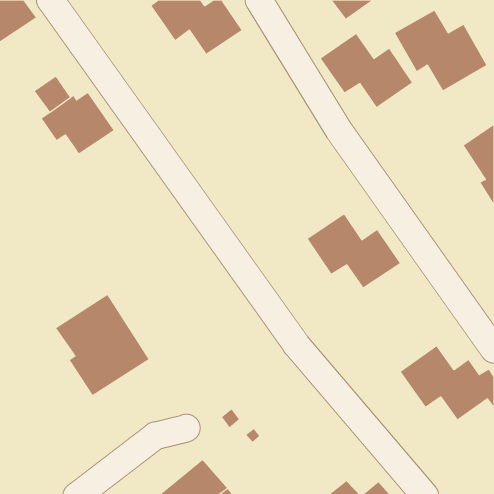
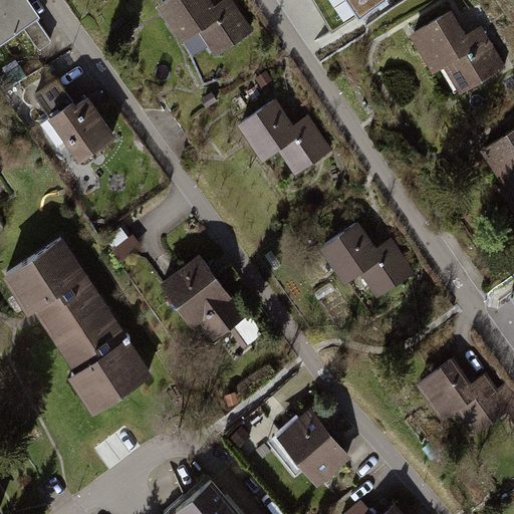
building: [320,33,413,108] -> [235,100,331,178]
building: none -> [5,235,111,341]
building: none -> [161,256,262,351]
building: none -> [265,405,348,483]

